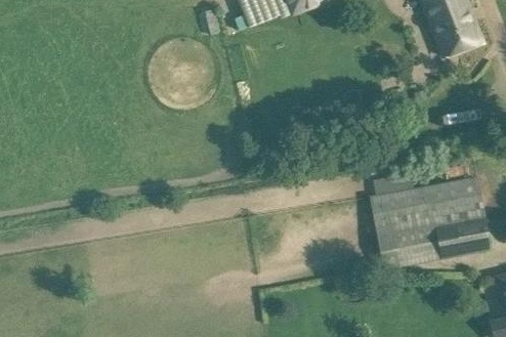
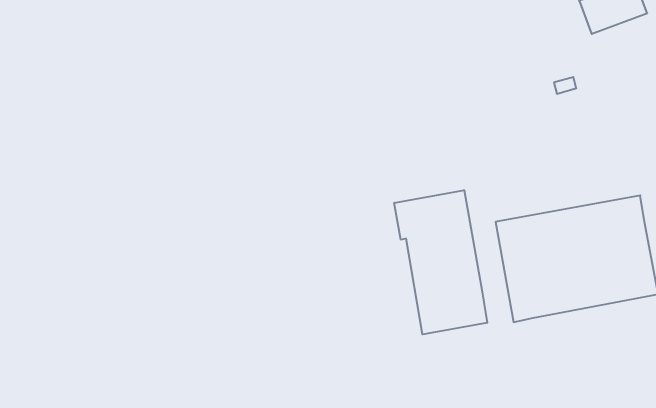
building: none -> [394,190,487,334]

